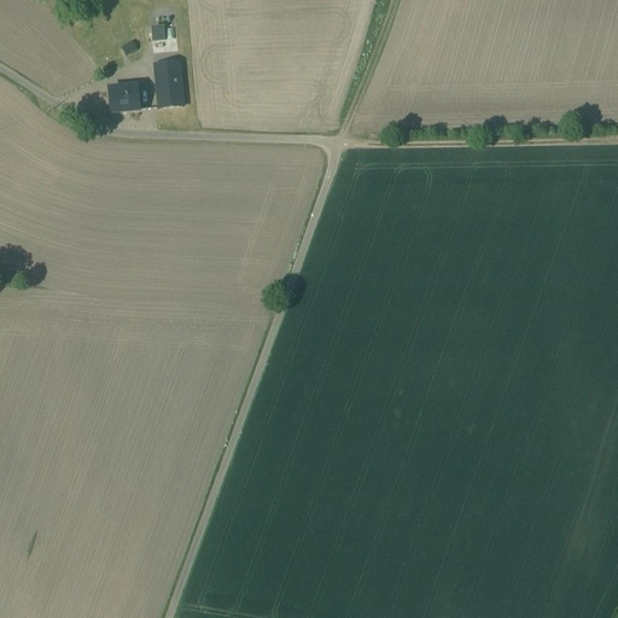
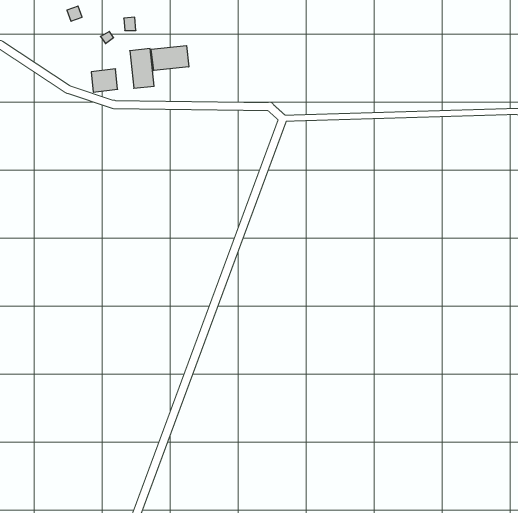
building: none -> [151,46,189,71]

